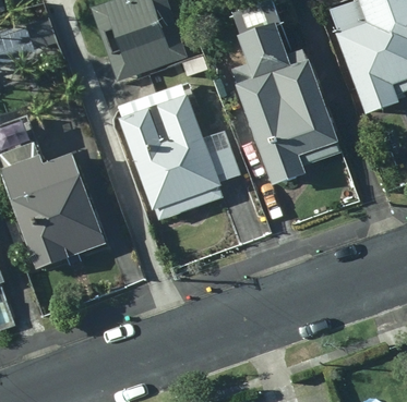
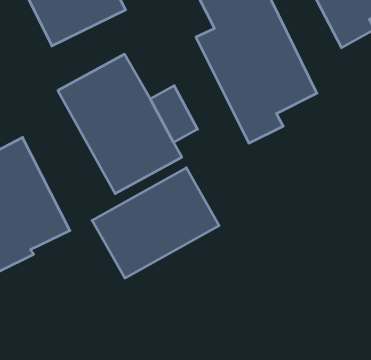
building: none -> [92,168,219,278]

